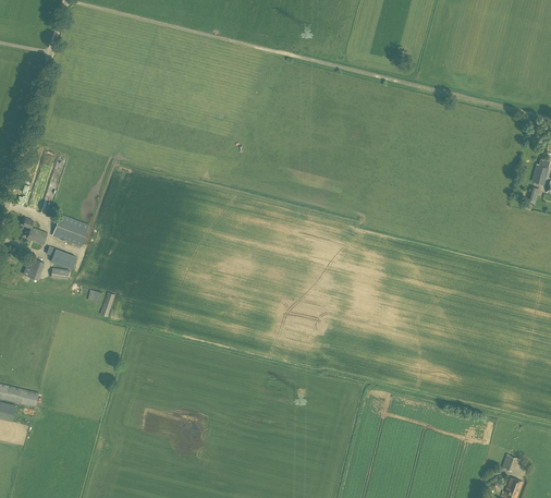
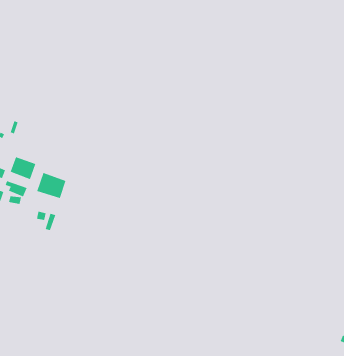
building: none -> [37,172,66,199]

